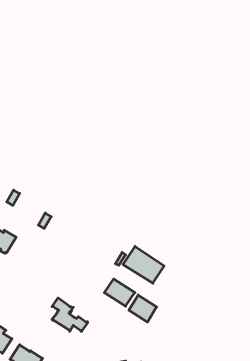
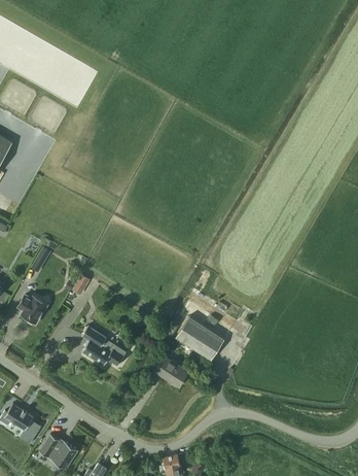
building: [129,295,157,322] -> none
building: [52,298,88,331] -> [81,326,124,366]

